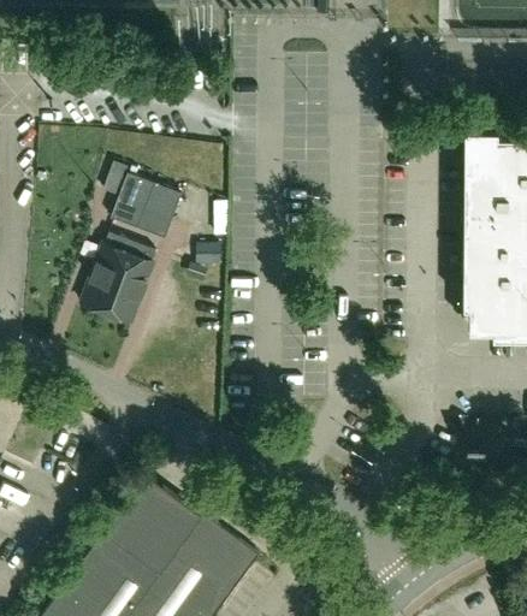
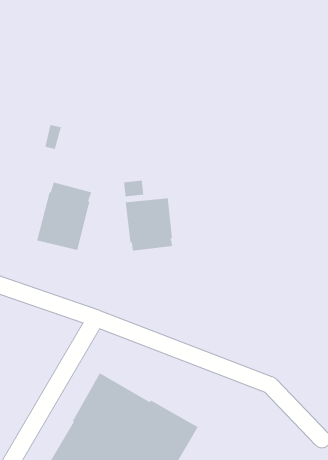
building: [109,176,180,241] -> none
building: none -> [125,198,173,251]

